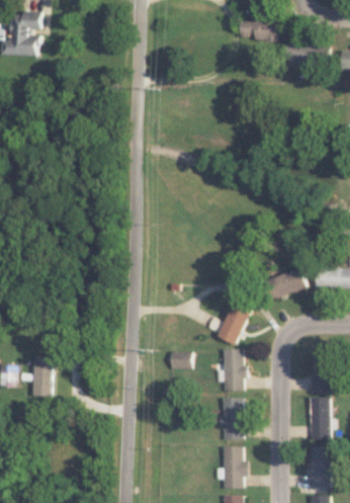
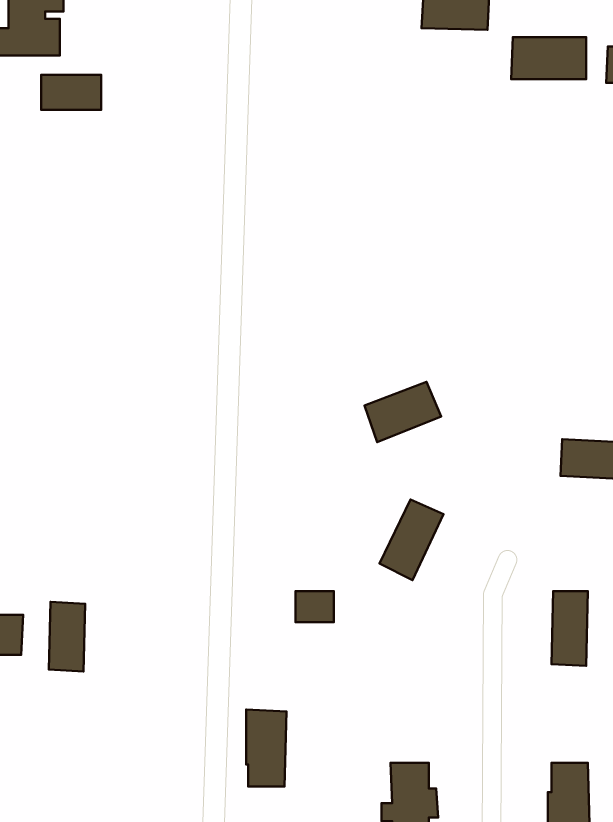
building: none -> [41,75,101,110]
building: [265,267,308,301] -> [364,382,441,442]
building: [216,349,245,391] -> none
building: [222,397,244,439] -> [246,710,286,786]
building: [311,397,330,439] -> none

